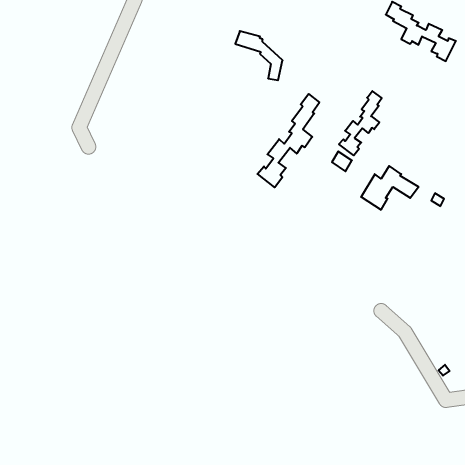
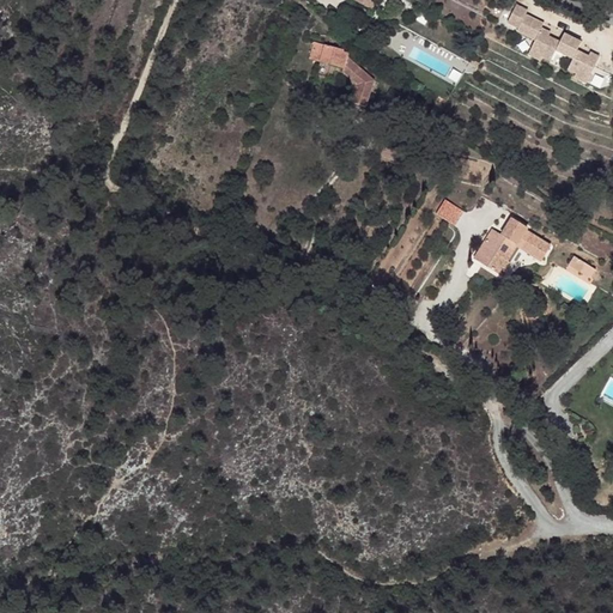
building: [339,91,382,155] -> none
building: [257,94,319,187] -> none

